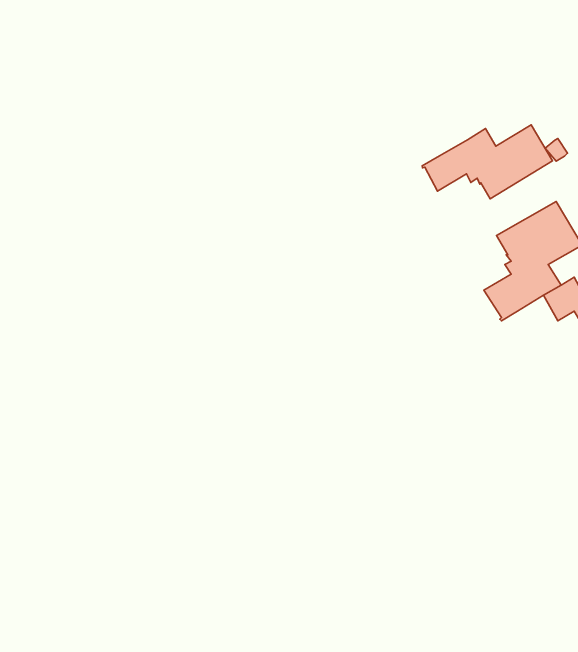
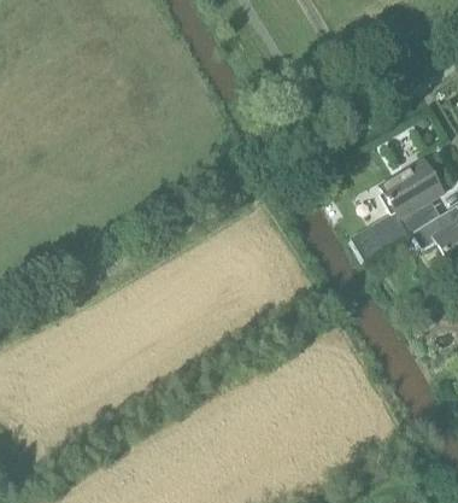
building: [422,125,552,199] -> none

